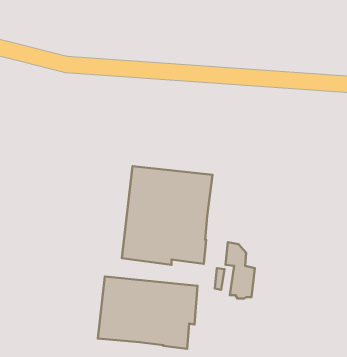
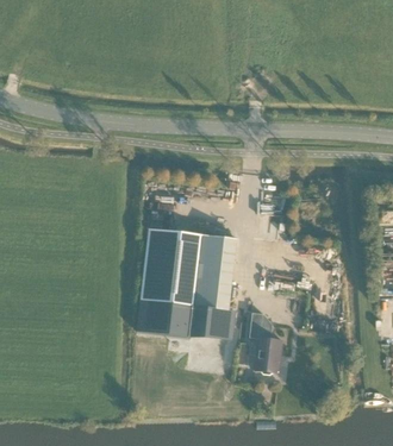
building: [98,276,197,349] -> none

